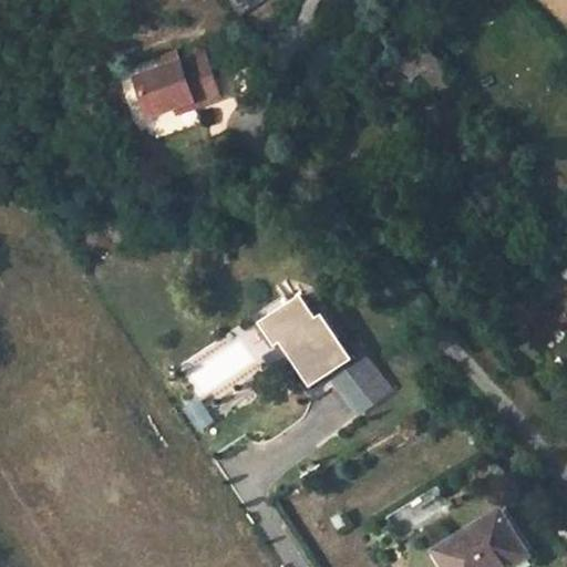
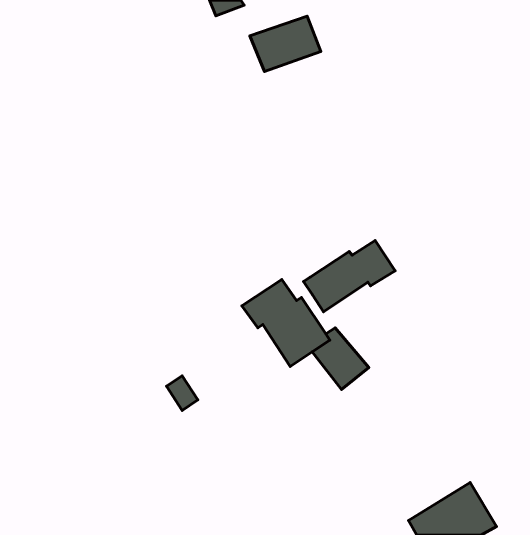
building: [141,56,216,115] -> [250,16,321,72]
building: none -> [303,241,395,312]

